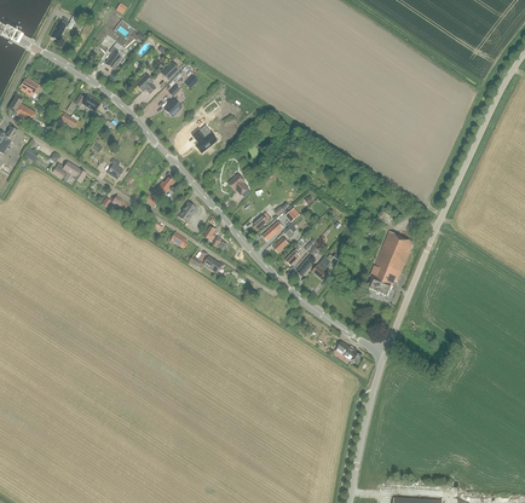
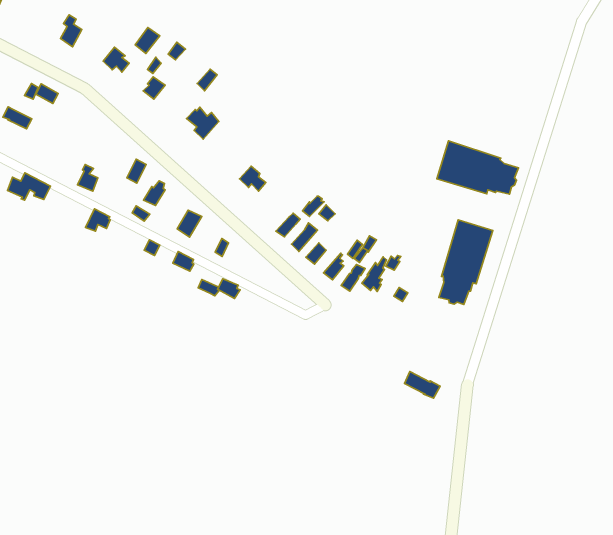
building: none -> [437,141,518,194]

